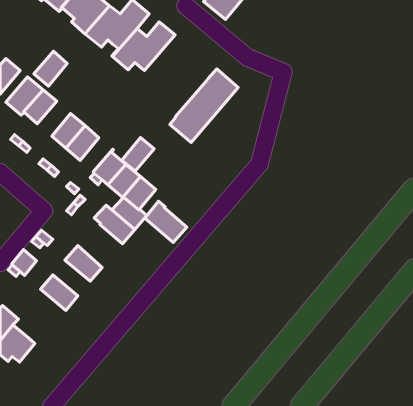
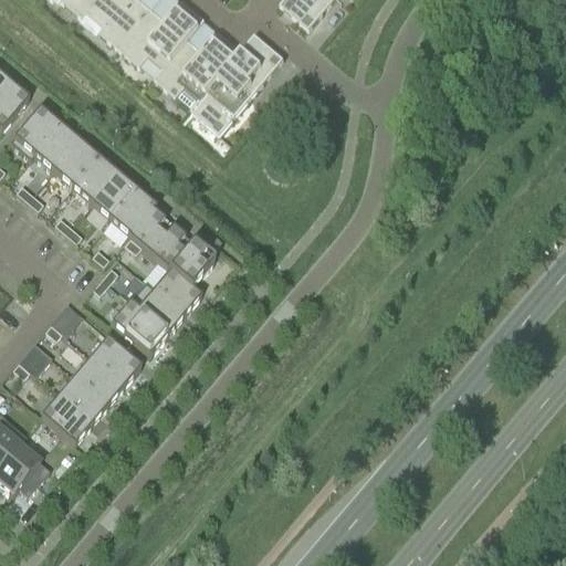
building: [34,51,67,86] -> [53,138,98,186]
building: [170,69,238,142] -> [191,31,284,132]
building: [122,137,154,171] -> [112,188,156,234]
building: [145,201,187,242] -> [112,297,169,354]
building: none -> [74,355,125,403]
building: none -> [41,395,92,443]

